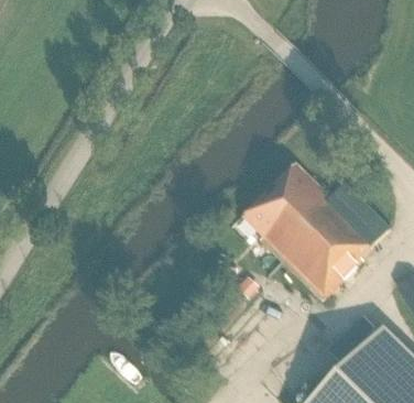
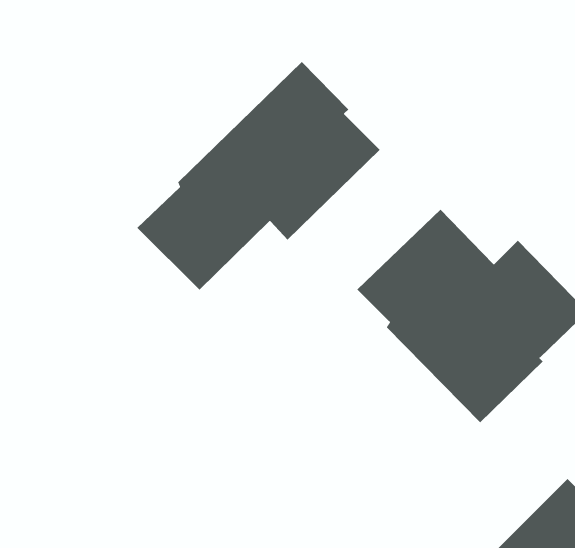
building: none -> [137,61,380,291]

